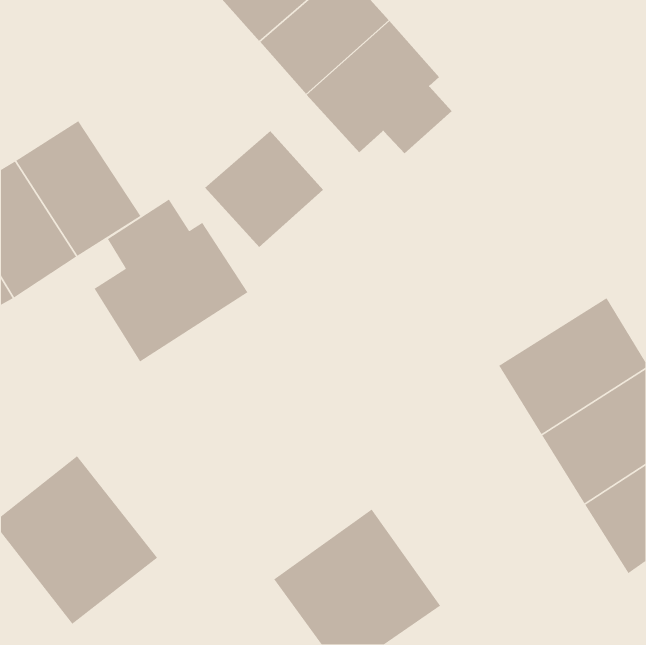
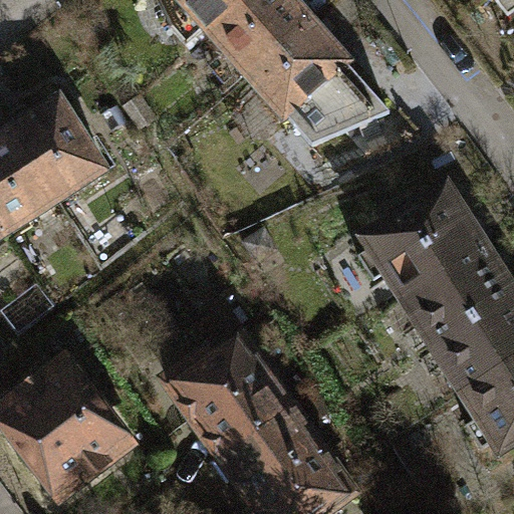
building: [204,130,324,248] -> none
building: [93,198,248,362] -> none
building: none -> [360,182,482,290]
building: none -> [155,318,295,460]

